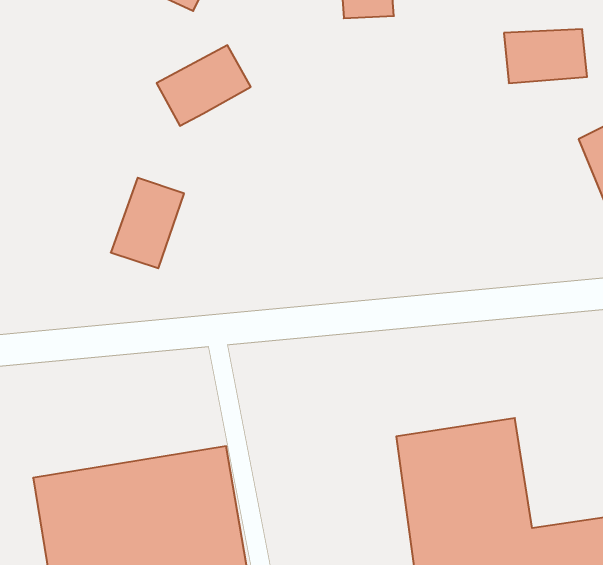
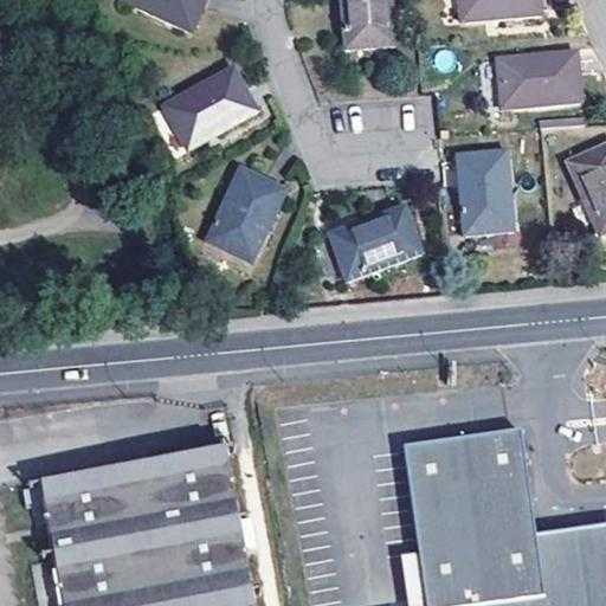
building: none -> [462,153,515,234]
building: [111,178,184,268] -> [212,167,283,254]
building: none -> [329,207,418,275]

